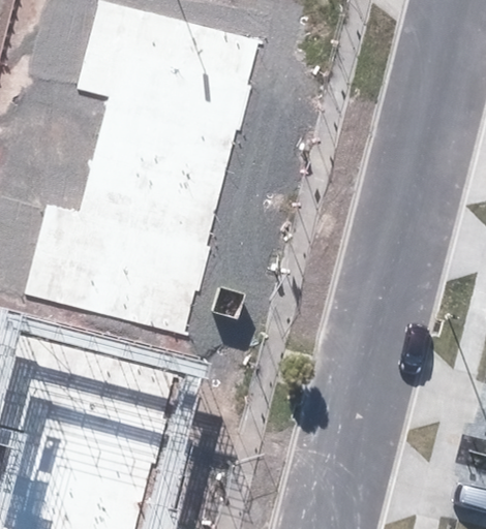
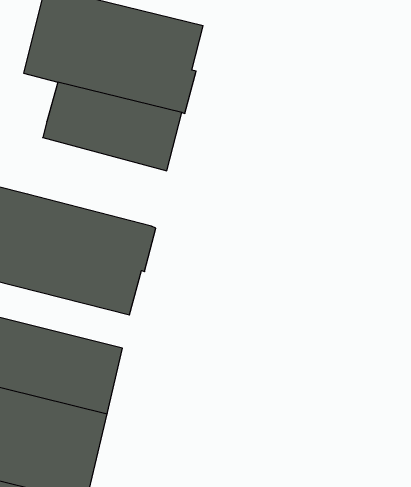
building: [79,153,221,244] -> none

